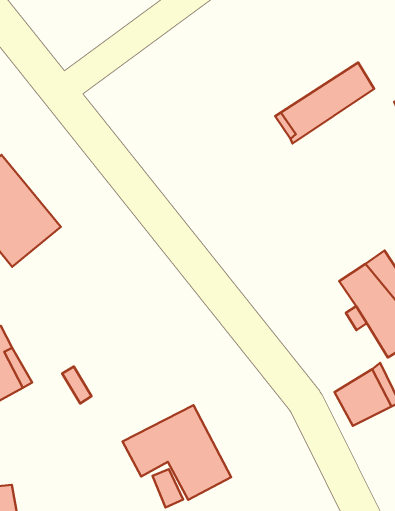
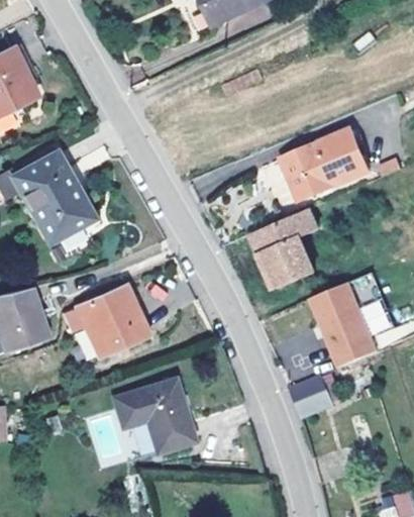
building: none -> [290,150,372,199]
building: none -> [250,208,318,283]
building: none -> [77,285,148,355]

